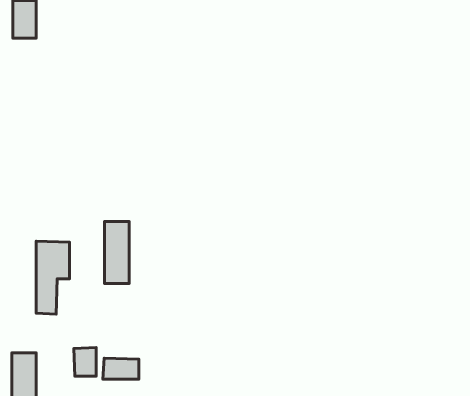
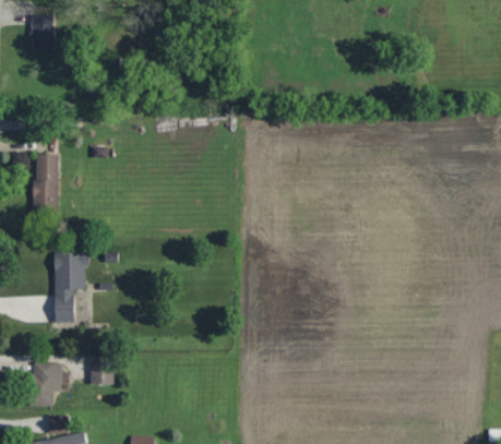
building: [105,222,129,284] -> [35,154,59,215]
building: [103,358,139,379] -> none

